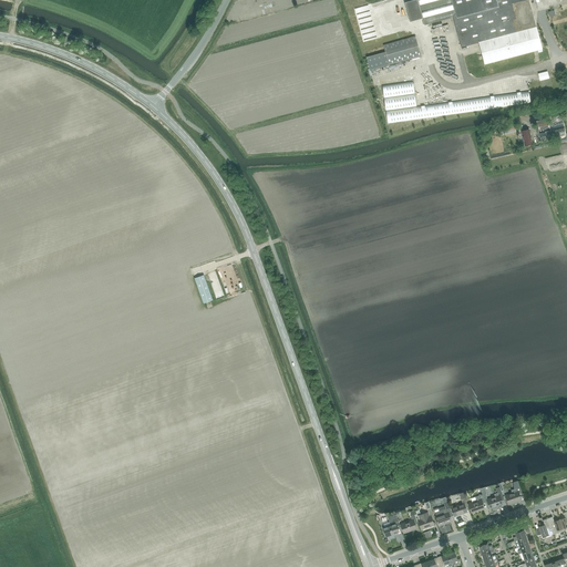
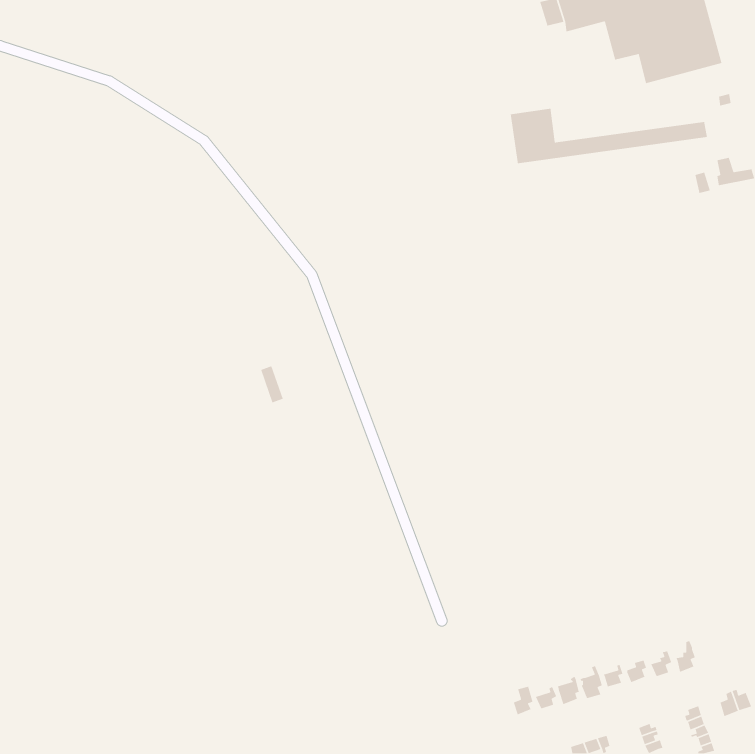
building: [367,35,421,69] -> none

